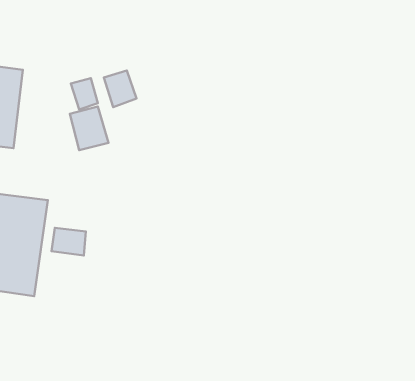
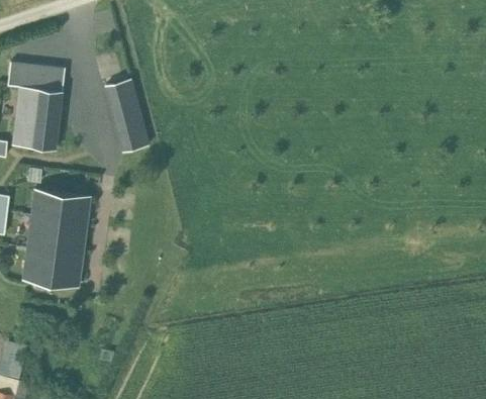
building: [104,70,137,107] -> none
building: [51,228,86,256] -> none

